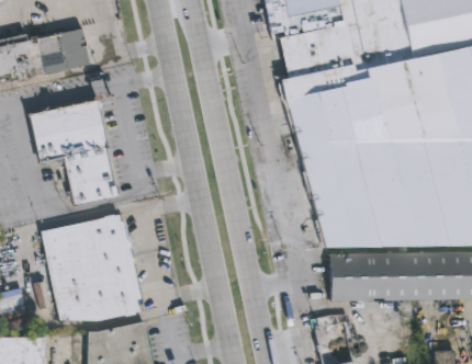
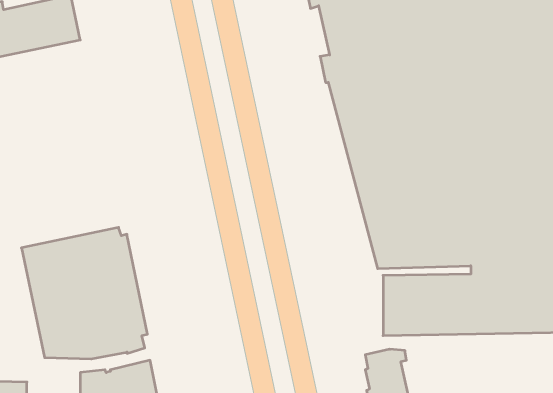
building: [29,100,122,206] -> none

